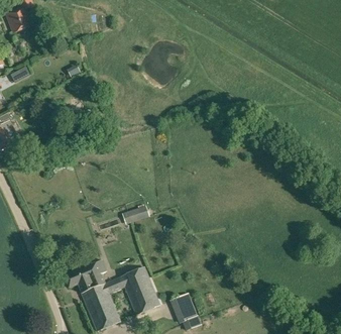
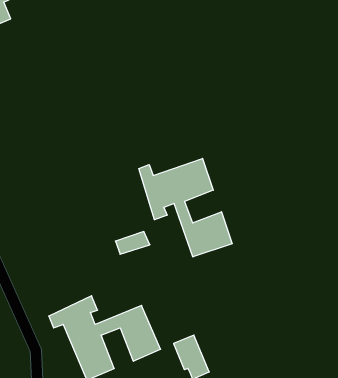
building: none -> [139,158,232,257]

